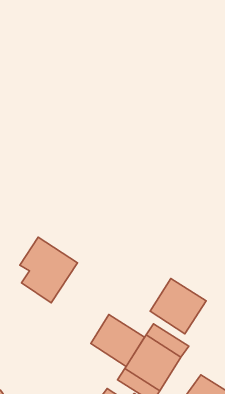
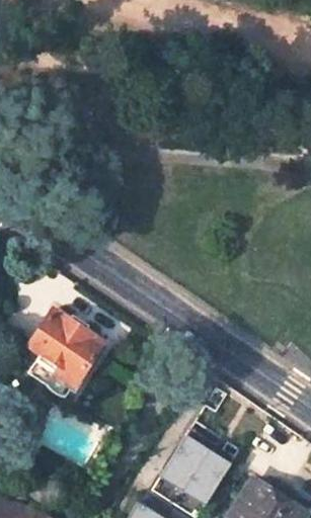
building: [150,278,206,334] -> none
building: [91,314,145,366] -> none

